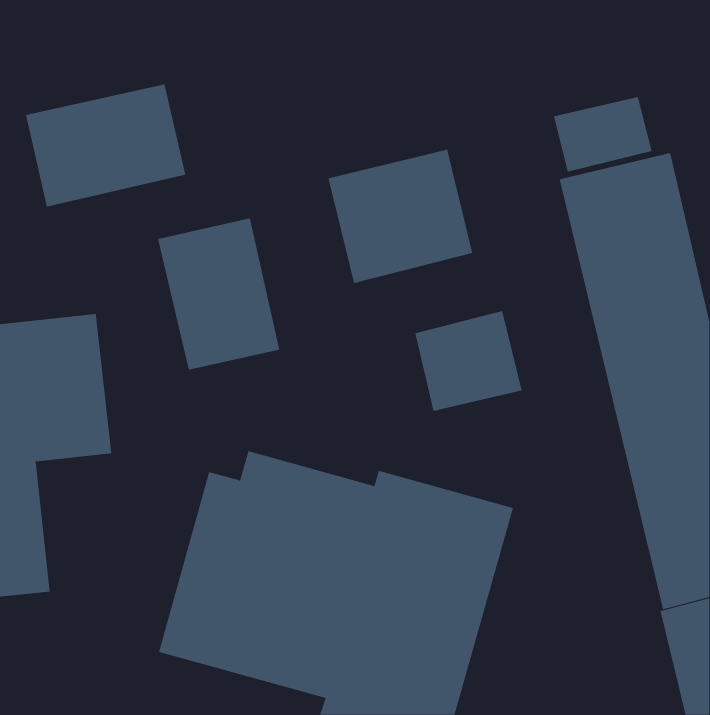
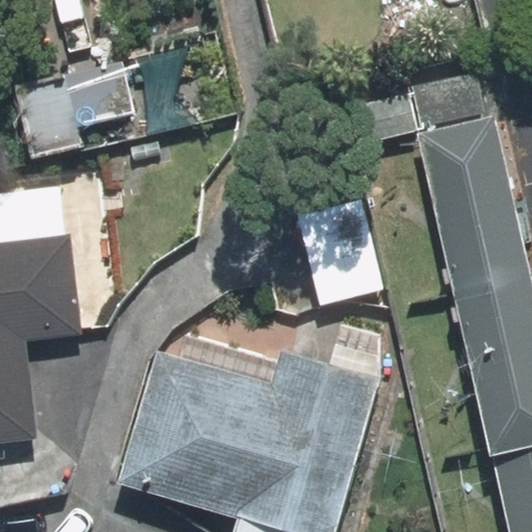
building: [328,149,473,284] -> none
building: [158,218,280,371] -> none

